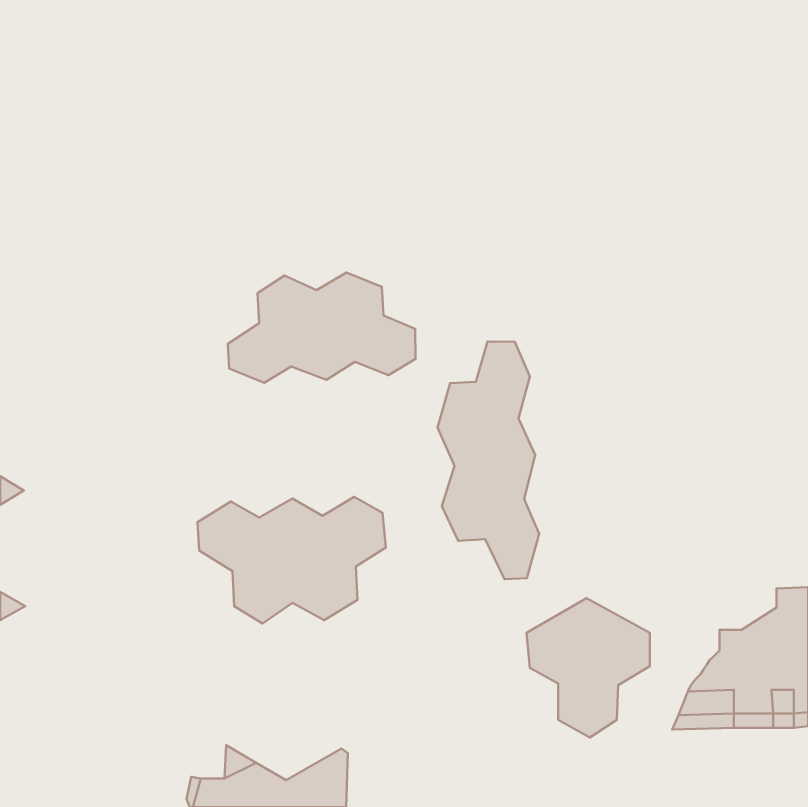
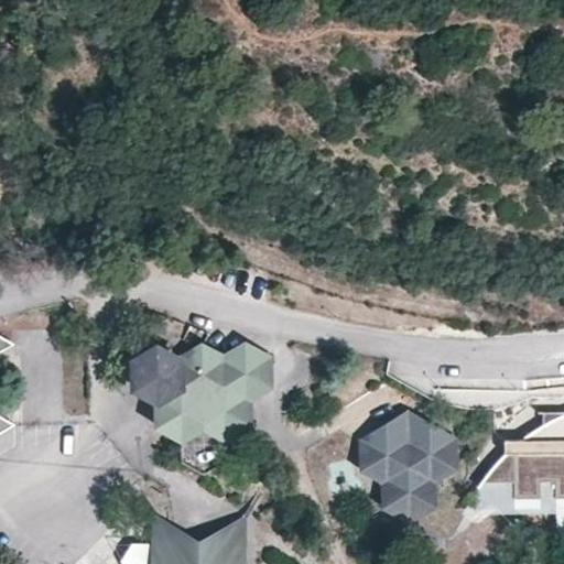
building: [228,272,415,383] -> none
building: [438,342,539,579] -> none

